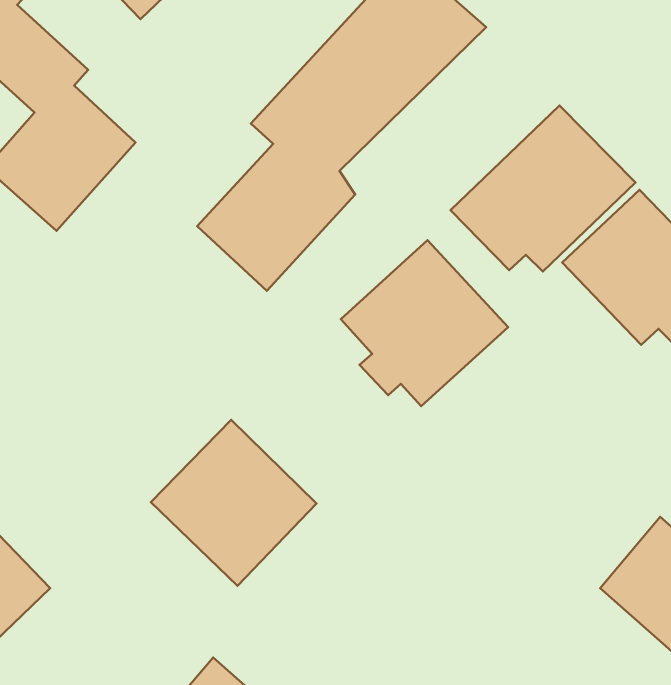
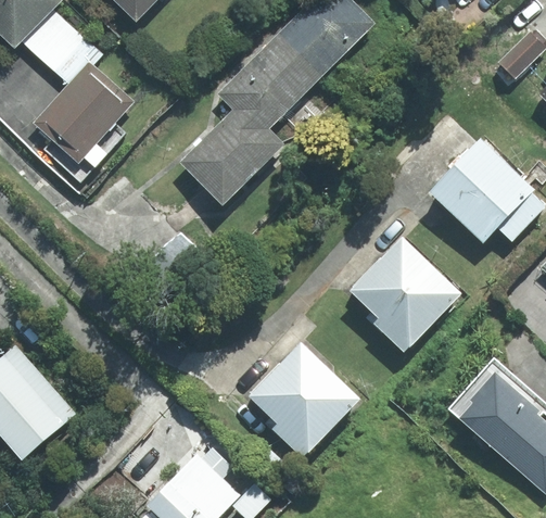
building: [450,106,635,272] -> none
building: [341,240,508,406] -> [345,232,460,346]
building: [151,420,317,586] -> [247,341,361,455]

